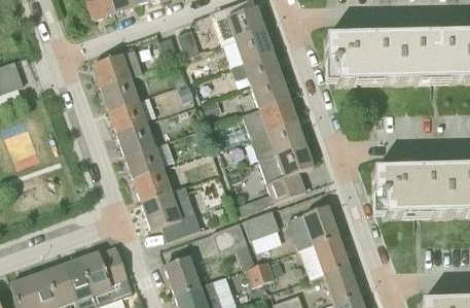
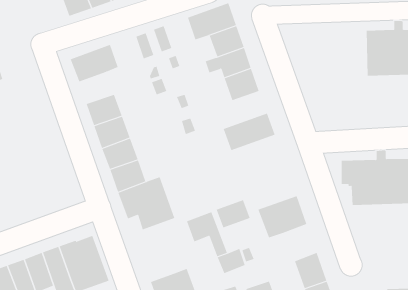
building: [324,26,399,82] -> none
building: [101,77,138,110] -> none
building: [243,97,296,136] -> none
building: [258,142,313,205] -> none
building: [313,235,348,273] -> none
building: [164,255,200,295] -> none

